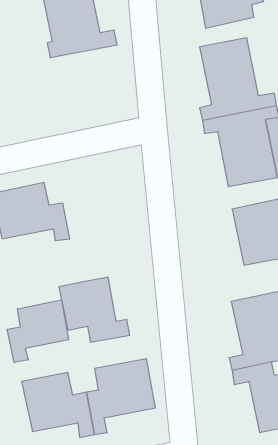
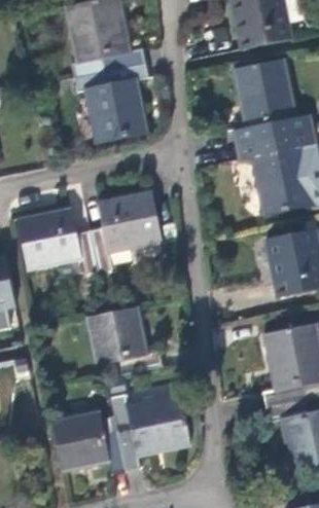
building: none -> [76,66,148,143]
building: none -> [90,193,160,268]
building: [7,300,68,363] -> none

